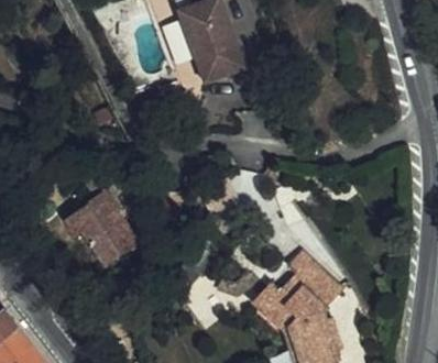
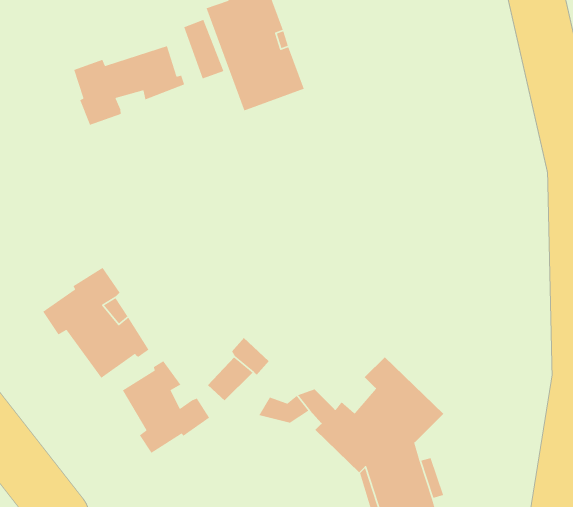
building: none -> [73,45,185,126]
building: none -> [122,360,210,454]

